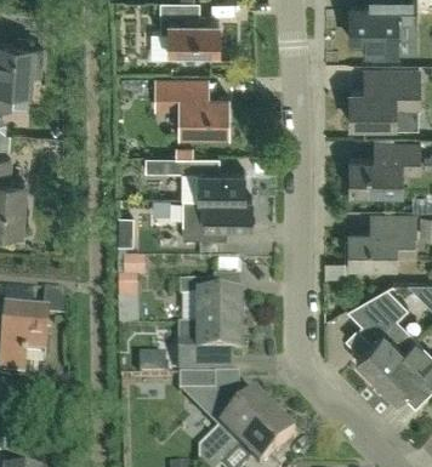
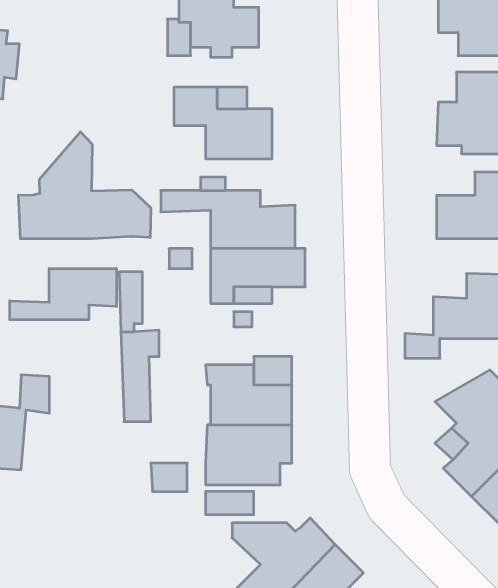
building: none -> [19,132,151,239]
building: none -> [10,268,116,320]
building: [183,377,249,411] -> none

